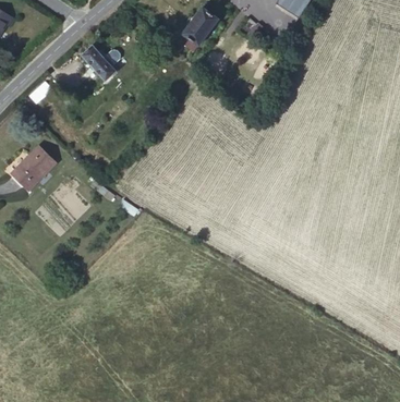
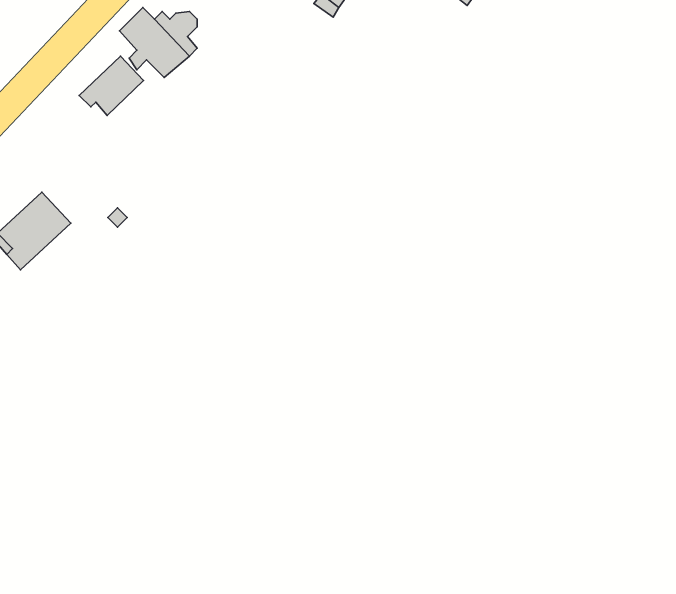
building: none -> [79,56,144,115]

